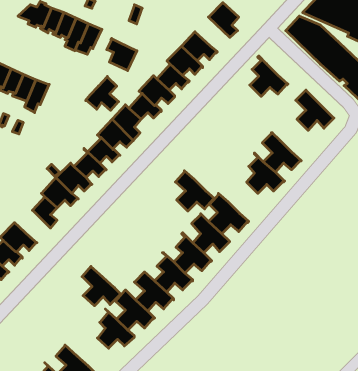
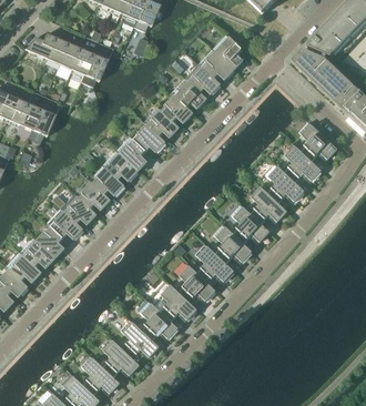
building: none -> [200,49,234,78]
building: [107,38,137,71] -> none
building: [250,56,288,96] -> [284,142,322,182]
building: [86,76,119,110] -> none
building: [175,171,215,211] -> [232,203,271,243]
building: none -> [21,236,57,266]
building: [82,266,121,306] -> [82,355,121,394]

